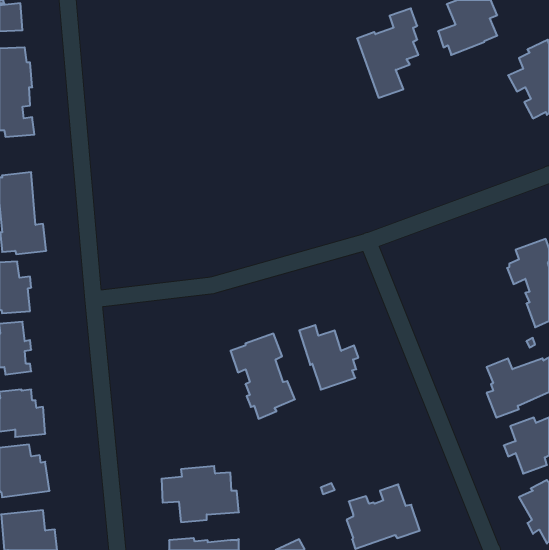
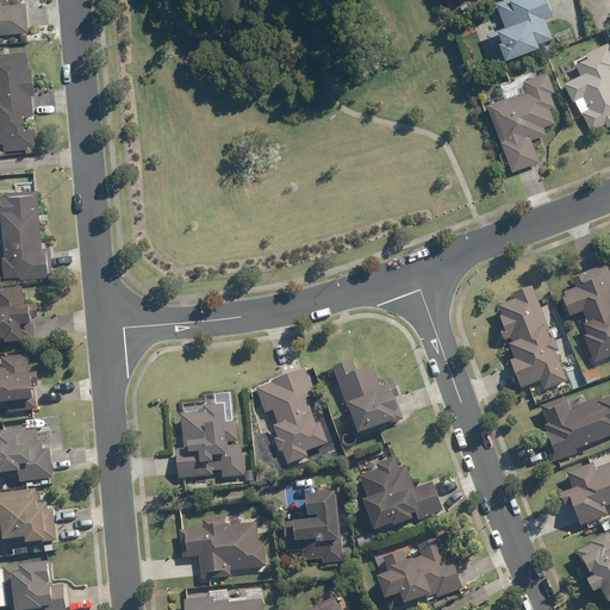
building: [357,8,418,98] -> [486,73,554,172]
building: none -> [502,285,569,388]
building: none -> [180,403,245,477]
building: none -> [357,456,441,529]
building: none -> [290,490,348,561]

